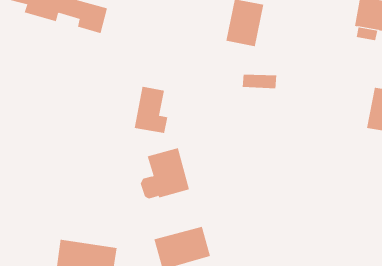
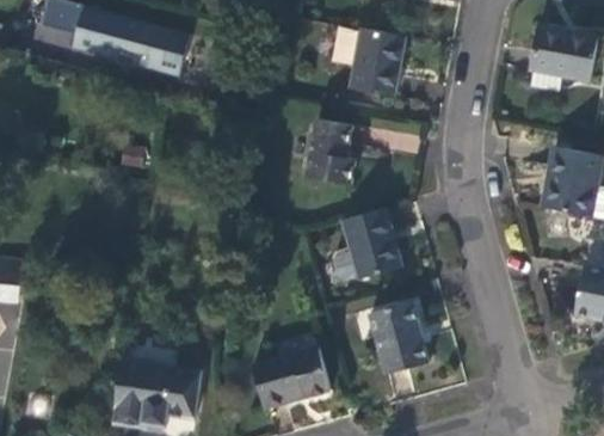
building: [134,86,168,133] -> [307,116,355,182]
building: [140,148,190,199] -> [332,207,401,278]
building: none -> [369,299,426,369]

